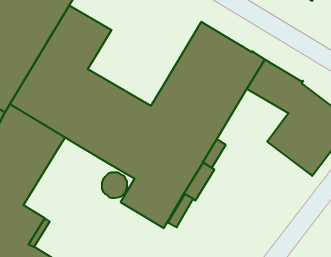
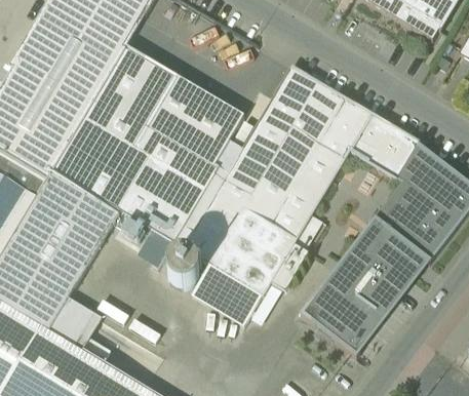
building: none -> [150,75,243,170]
building: none -> [114,210,174,274]
building: none -> [301,215,432,356]

